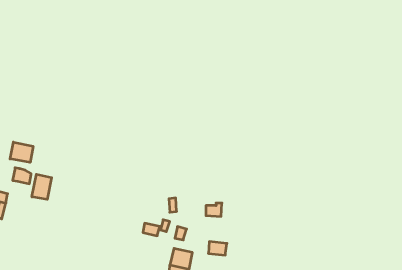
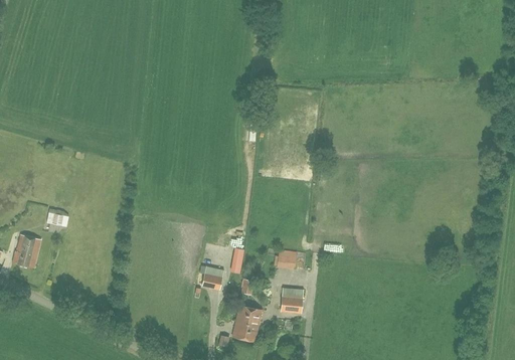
building: [10,142,33,162] -> none
building: [32,174,52,199] -> none

